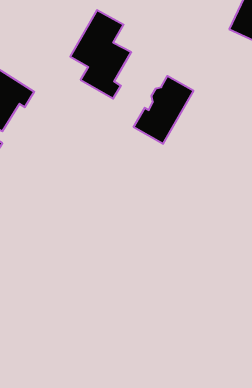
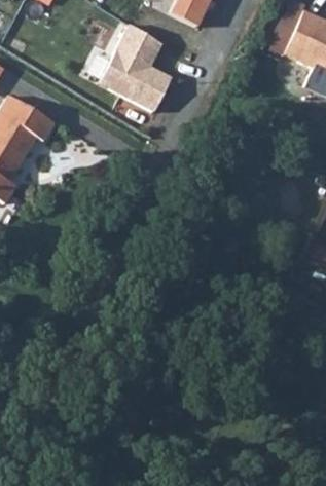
building: [134,76,193,144] -> none

